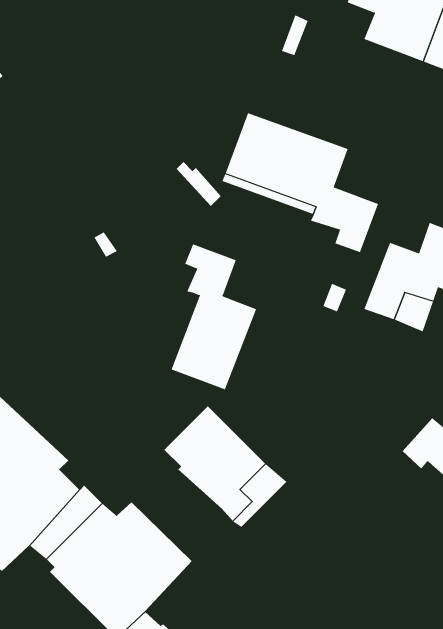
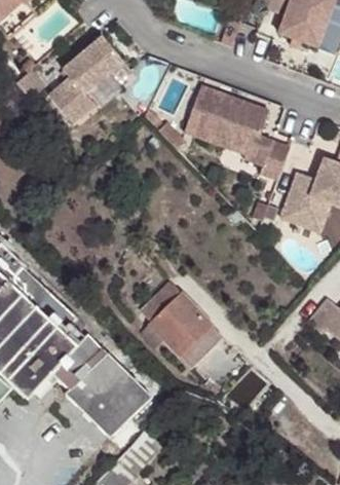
building: none -> [47,37,121,123]
building: [171,243,257,390] -> none

